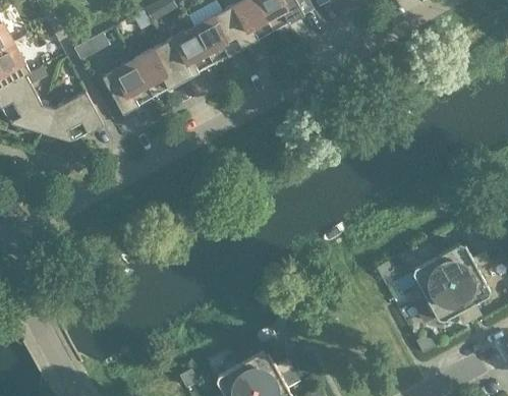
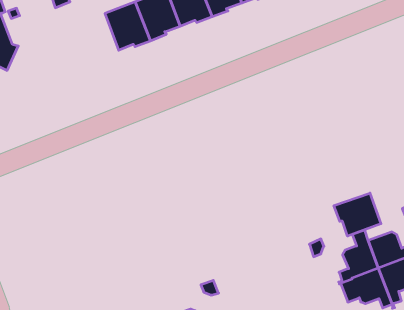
building: [103,59,153,113] -> none
building: [41,91,104,139] -> none
building: none -> [334,193,381,236]

